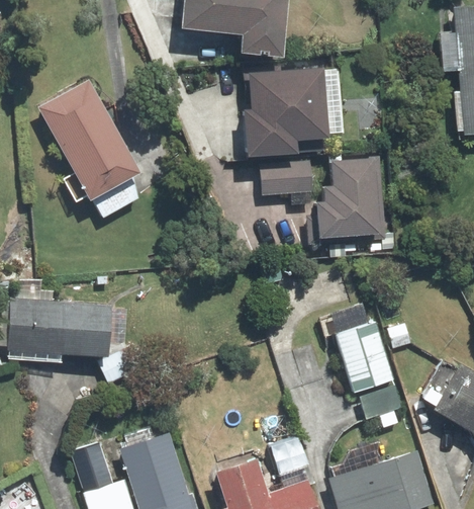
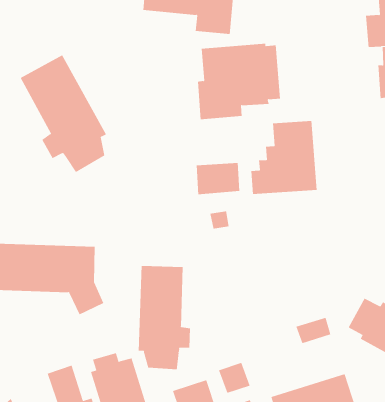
building: [260,158,311,195] -> [196,163,240,195]
building: [319,304,394,392] -> none
building: none -> [138,265,190,370]

